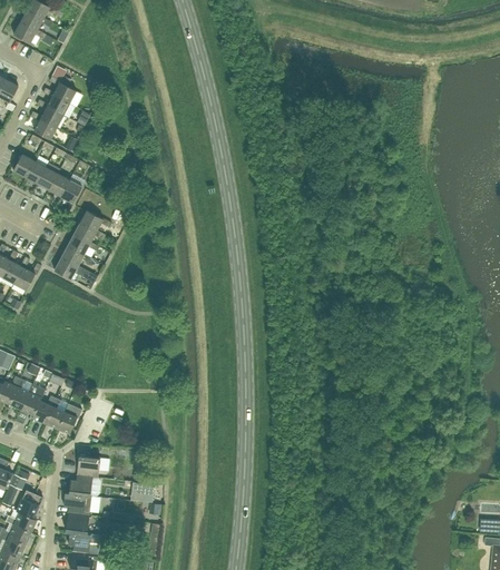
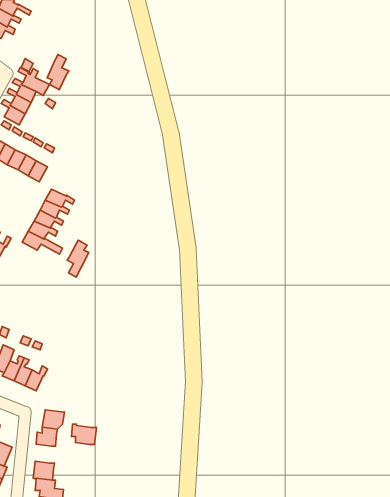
building: none -> [47,55,69,90]
building: none -> [67,240,89,277]
building: [63,492,91,514] -> [71,424,96,444]

